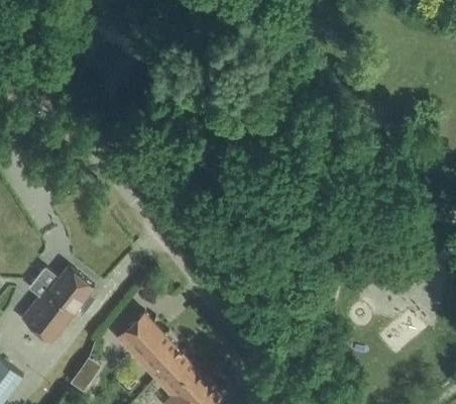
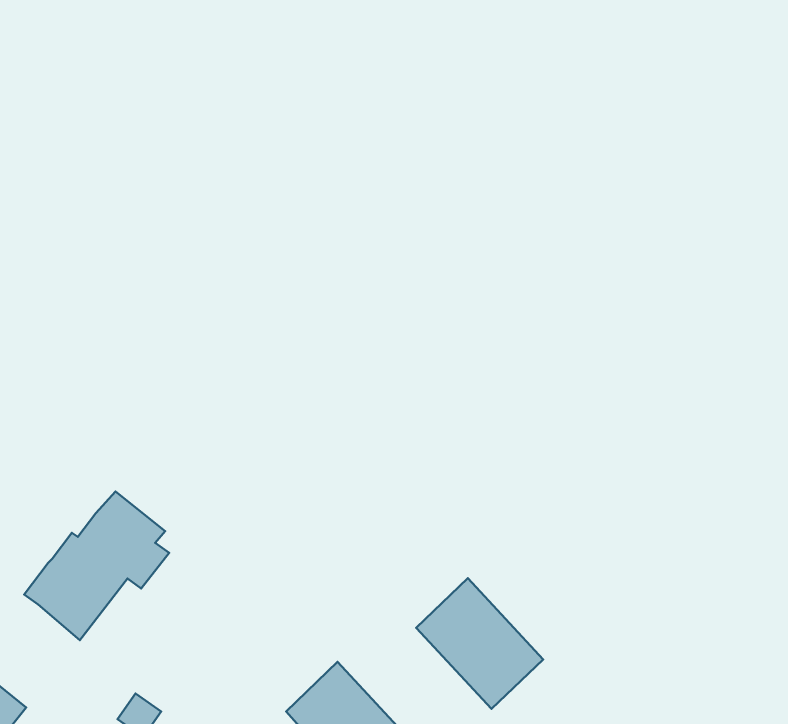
building: [116,313,181,380] -> [416,578,543,709]

